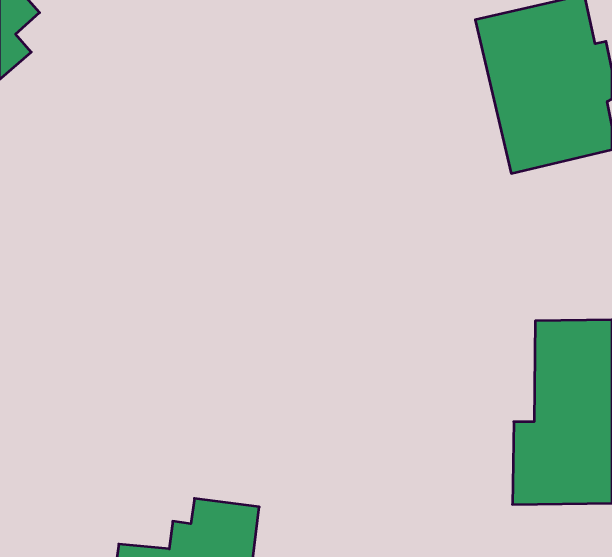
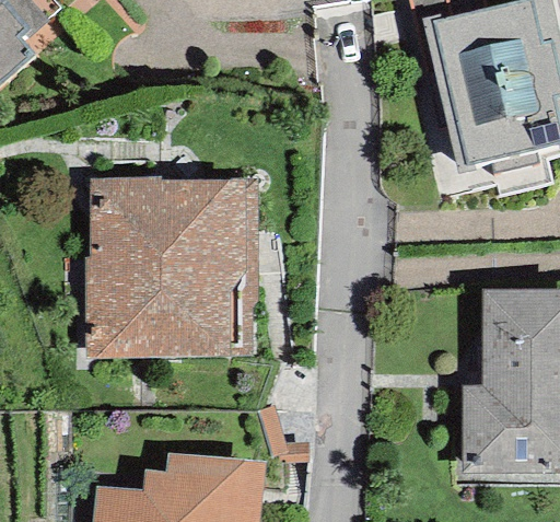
building: none -> [94,185,236,345]

